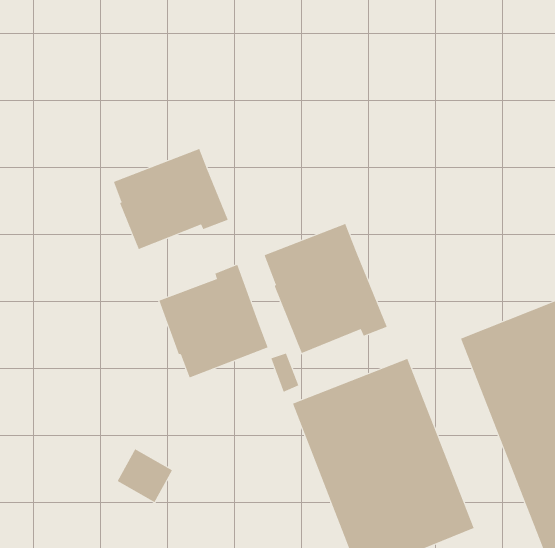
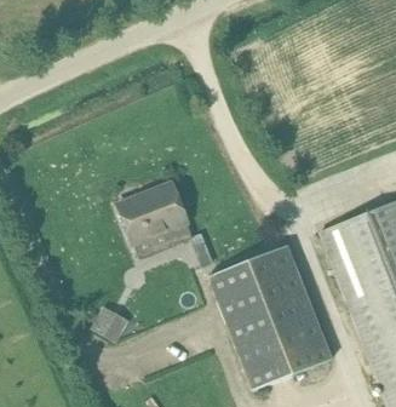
building: [113,148,229,250] -> none
building: [264,223,388,354] -> none

